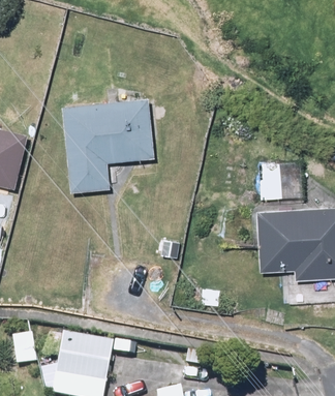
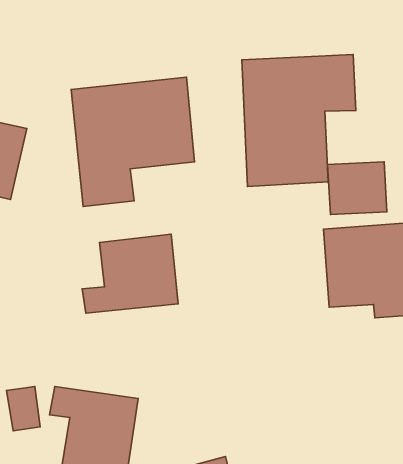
building: none -> [242,54,356,186]
building: none -> [82,234,178,313]

